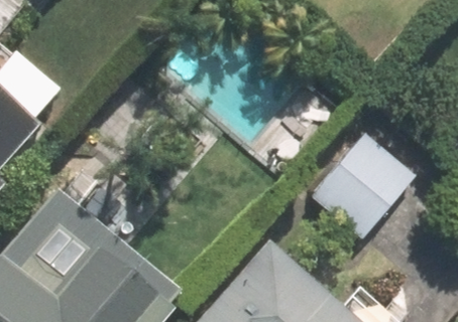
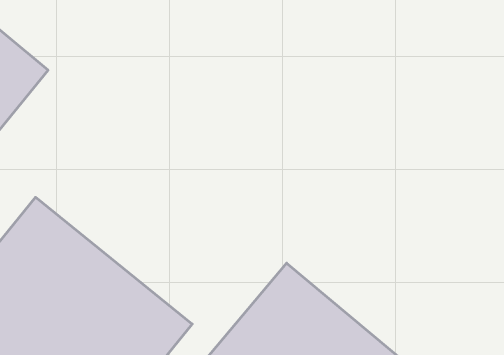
building: [313,135,419,243] -> none

